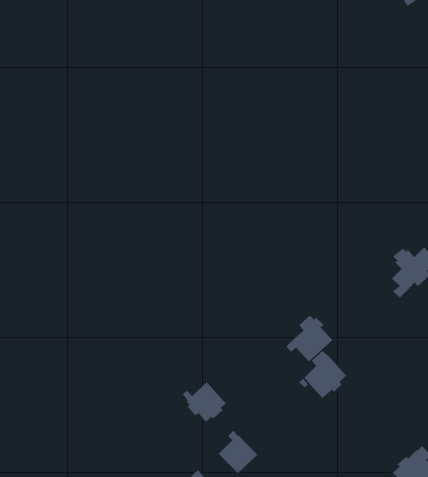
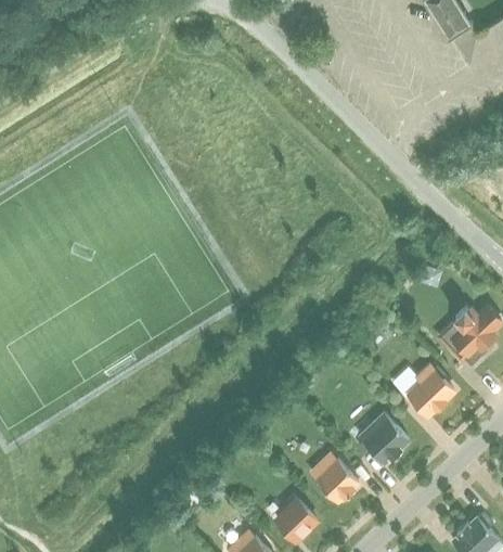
building: [286,315,333,362] -> [403,365,452,414]
building: [182,382,227,423] -> [310,459,357,501]

